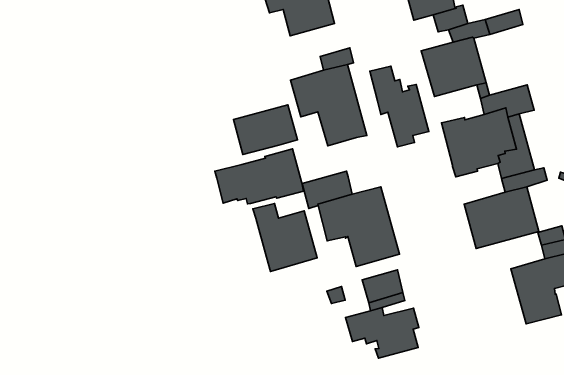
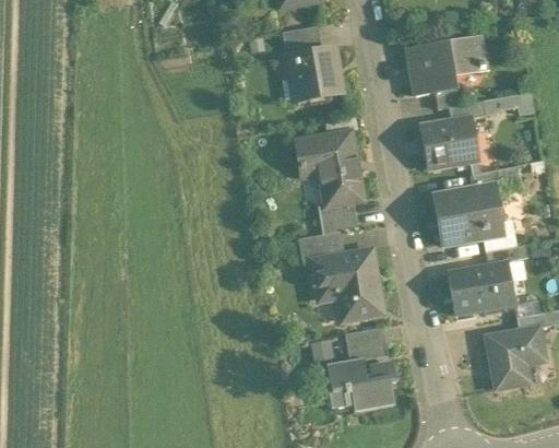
building: [370,66,429,147] -> none
building: [233,105,297,155] -> none
building: none -> [319,200,357,233]
building: [215,149,303,204] -> none
building: [253,204,317,271] -> none

